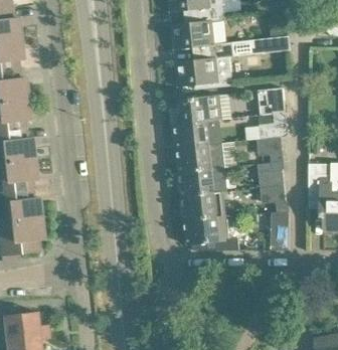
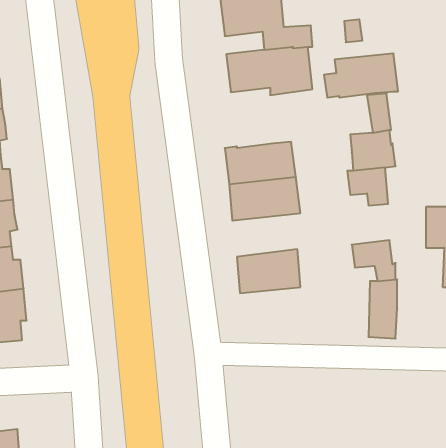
building: [173,95,222,124] -> [324,54,398,97]
building: [259,161,285,188] -> none
building: [180,167,227,196] -> none
building: [186,216,239,250] -> none

